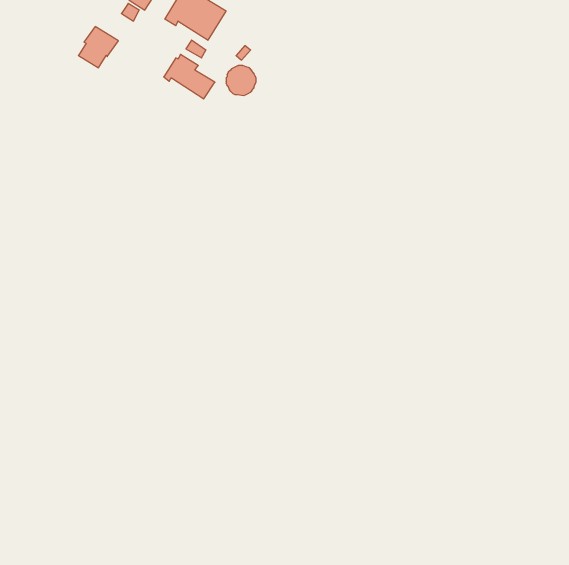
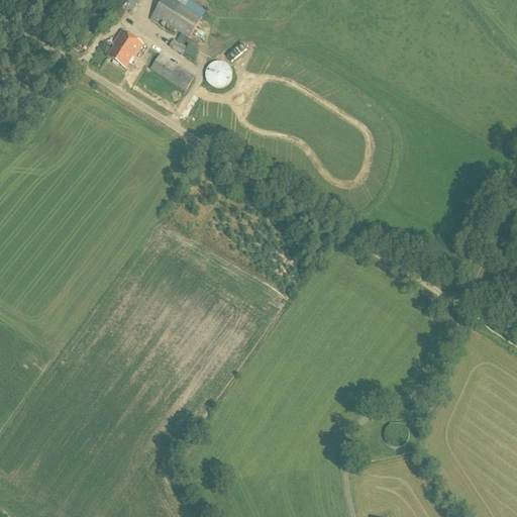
building: [78,27,118,68] -> [107,29,143,67]

